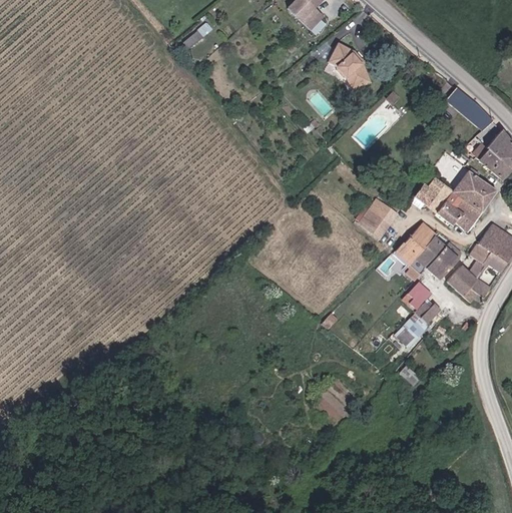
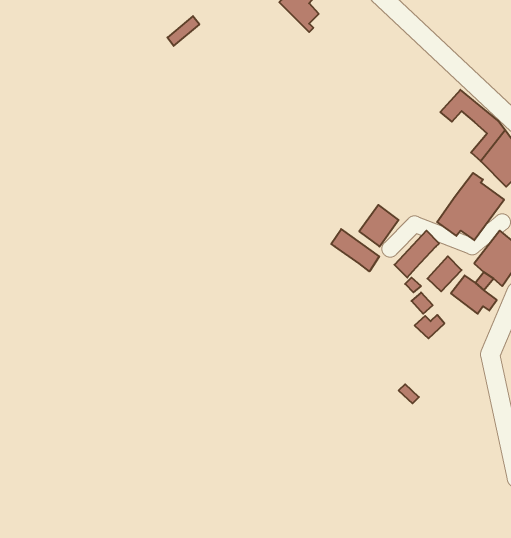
building: [329,42,370,87] -> none
building: [415,175,452,213] -> none
building: none -> [331,229,379,271]
building: [415,236,445,267] -> none
building: [394,313,426,347] -> none

